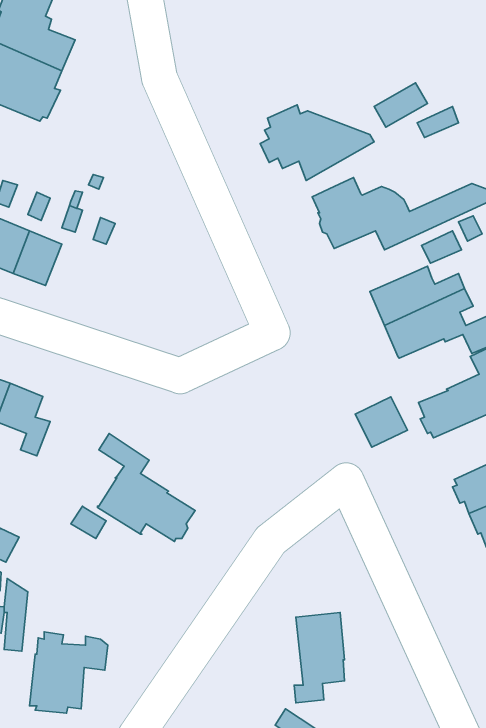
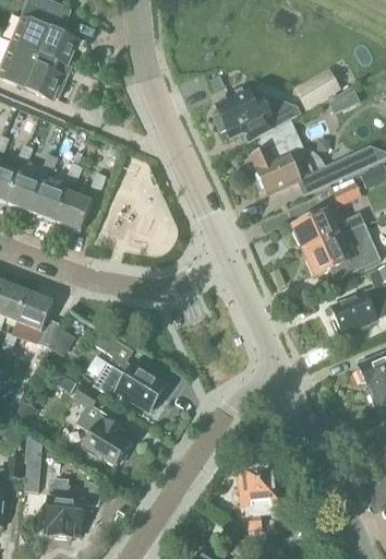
building: none -> [55,190,92,230]
building: [355,397,407,447] -> none
building: none -> [77,412,129,464]

